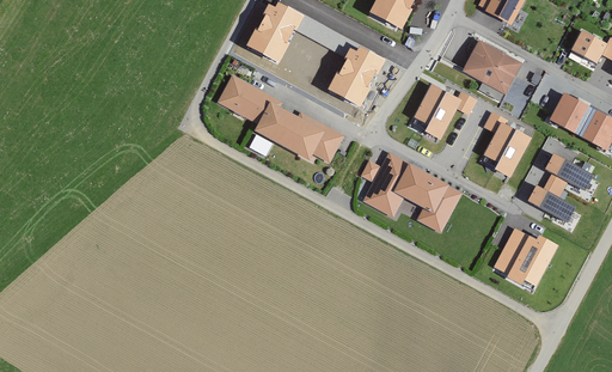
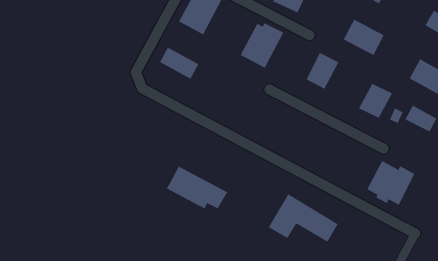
building: [256,99,338,157] -> [166,166,228,209]
building: [365,153,458,218] -> [268,193,339,242]
building: [526,182,573,222] -> none

